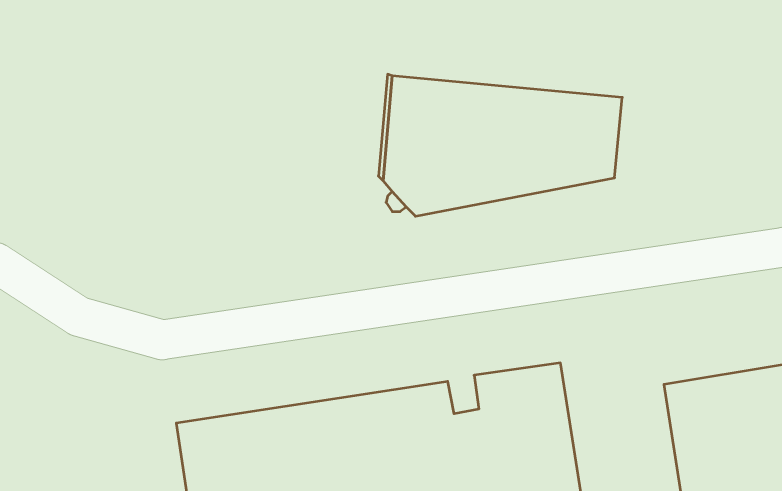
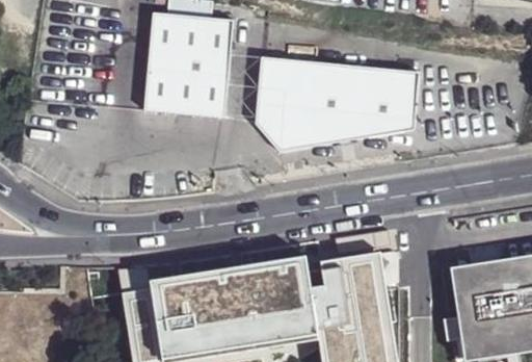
building: none -> [147,12,235,119]

